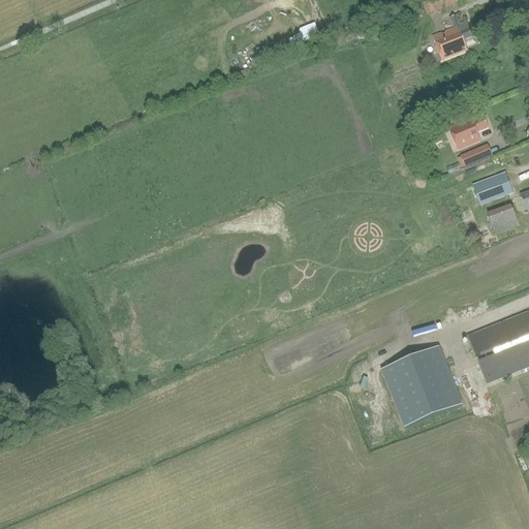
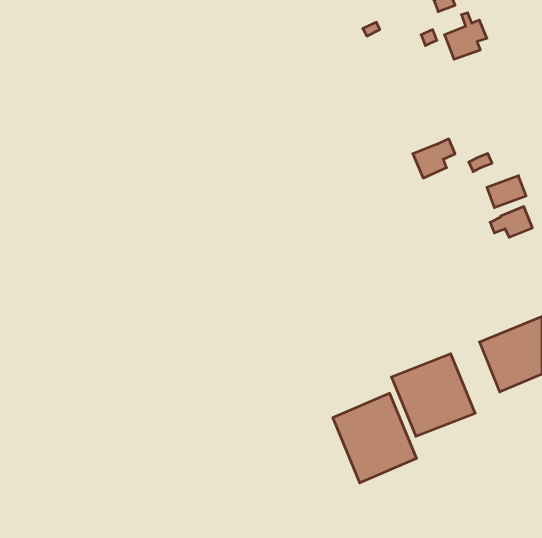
building: [447,111,489,149] -> [413,139,455,178]
building: none -> [333,393,416,483]

